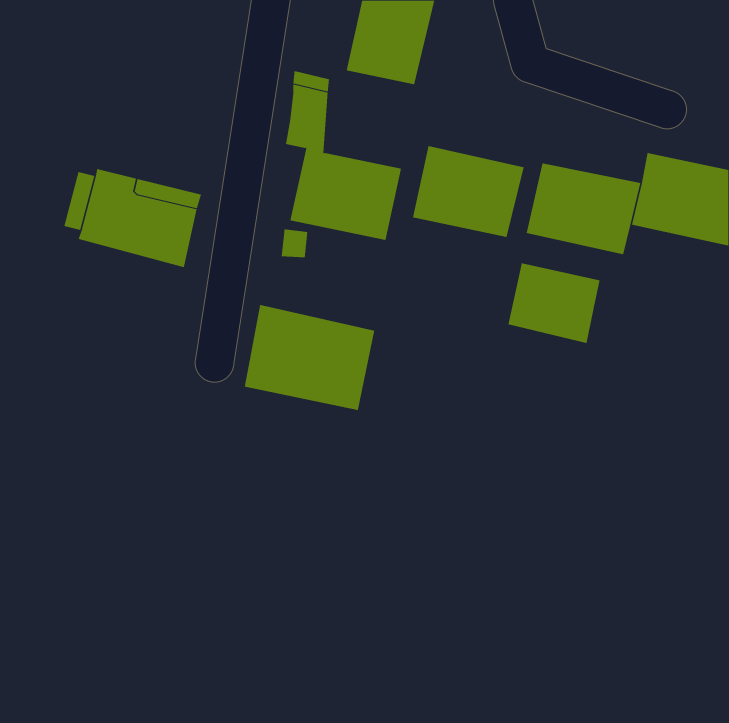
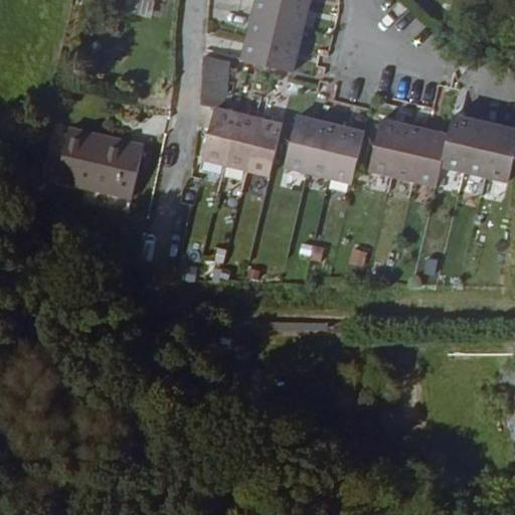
building: [508,262,600,344] -> none
building: [244,304,375,411] -> none

